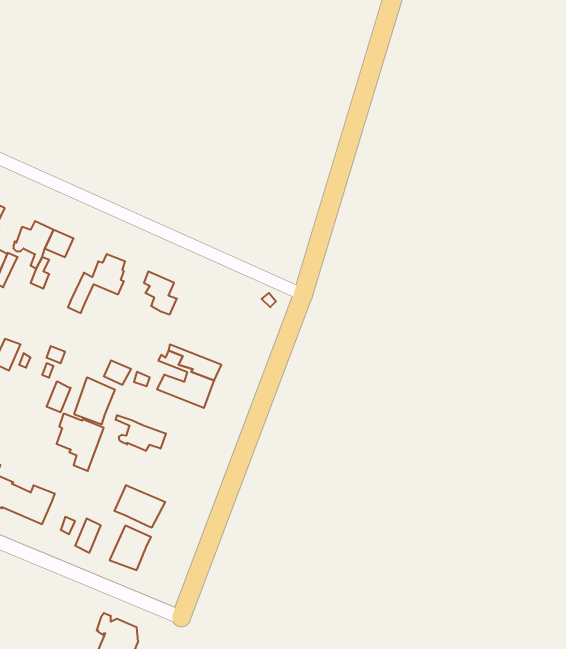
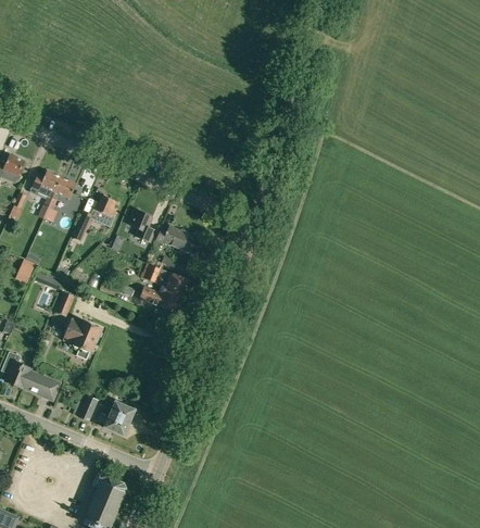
building: none -> [155,226,193,255]
building: [74,377,115,424] -> none
building: [116,415,166,451] -> none
building: [114,485,165,528] -> none

